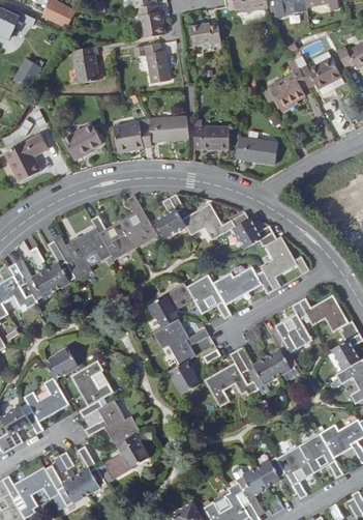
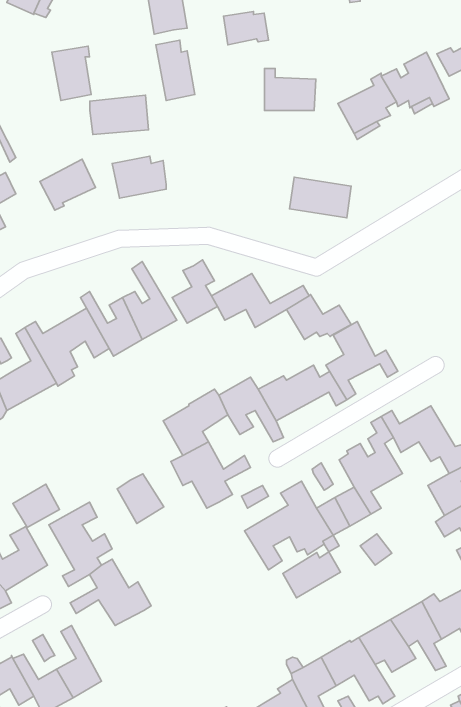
building: [149,115,189,142] -> [90,95,148,134]
building: [194,120,230,149] -> [265,69,316,111]
building: [170,360,202,395] -> [117,474,164,523]
building: none -> [283,552,341,598]
building: [103,435,148,481] -> none

